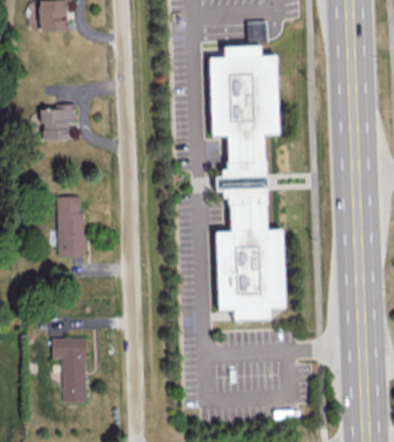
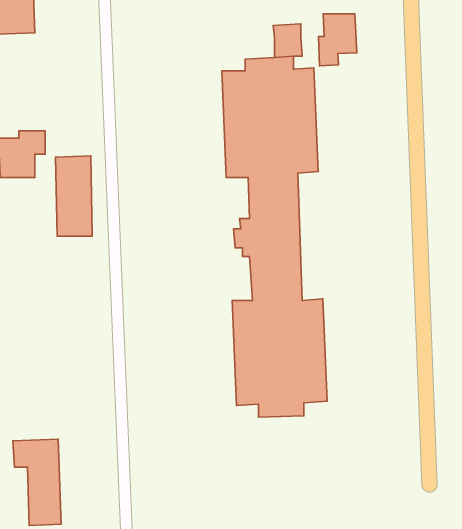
building: none -> [318,14,357,66]
building: [55,194,83,255] -> [56,156,92,236]

